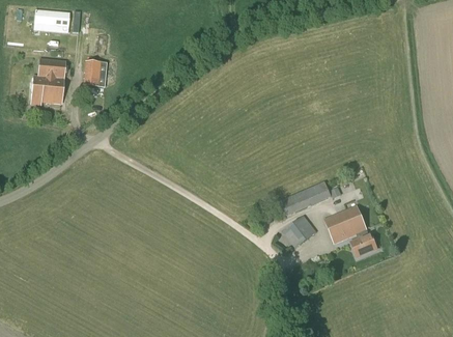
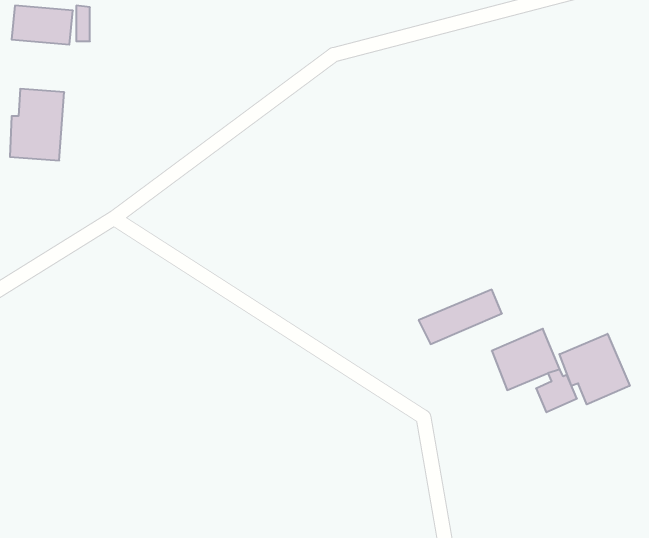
building: [82,60,106,87] -> none
building: none -> [559,334,630,404]
building: [282,215,316,247] -> none

